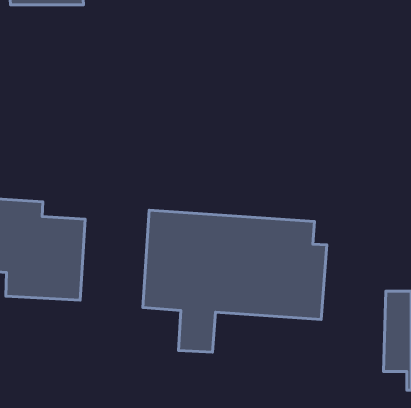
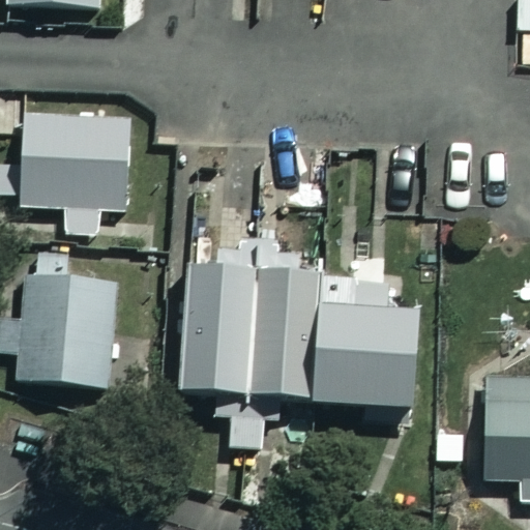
building: none -> [22,111,132,233]

